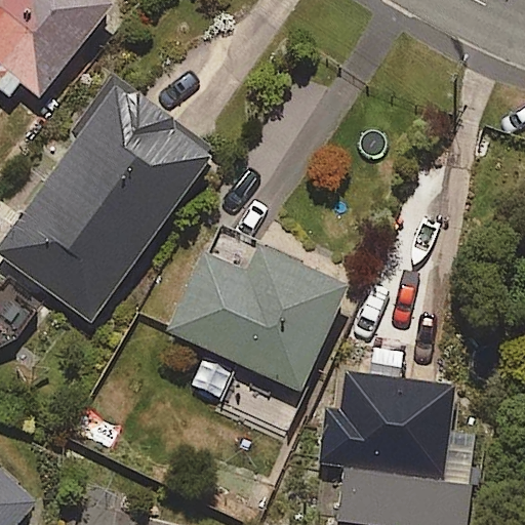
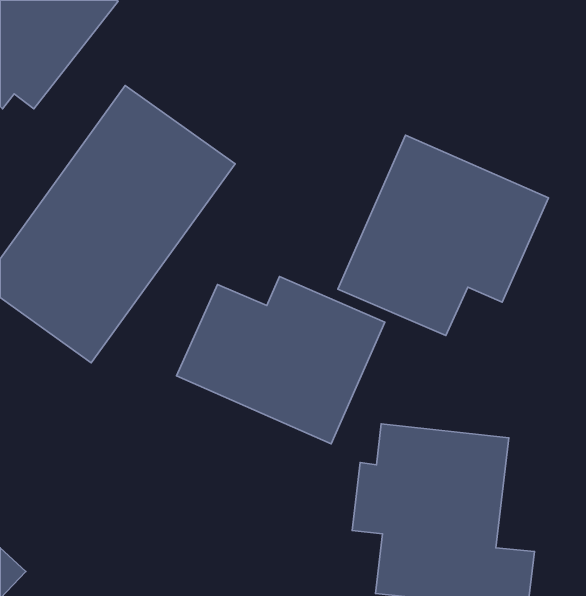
building: none -> [338,135,549,336]

